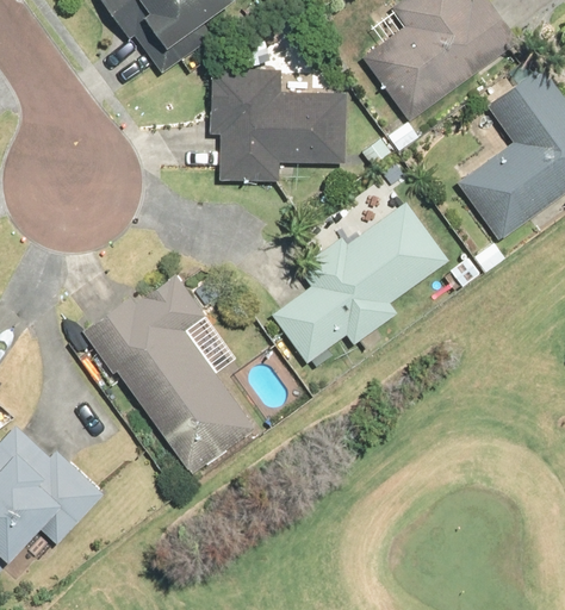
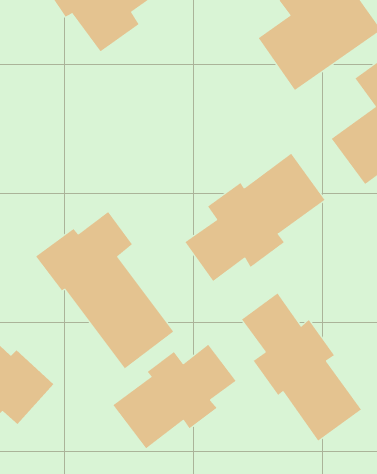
building: [210,68,346,182] -> none
building: none -> [241,292,362,441]
building: none -> [113,344,236,449]

